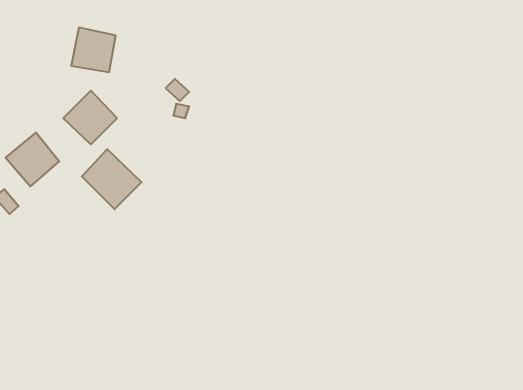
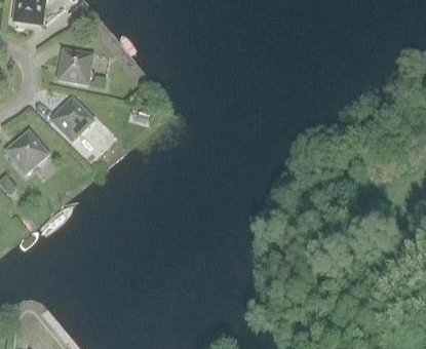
building: [82,149,142,209] -> none

